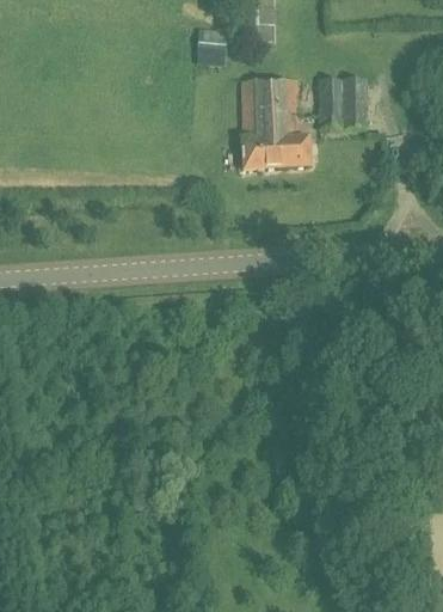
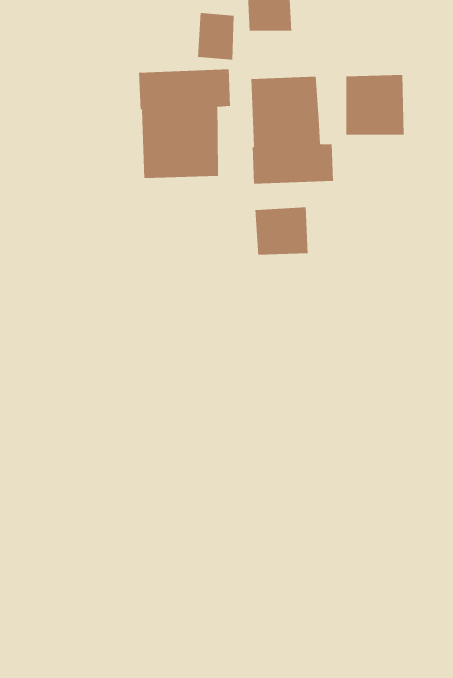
building: none -> [139,68,231,179]
building: none -> [255,207,308,256]

